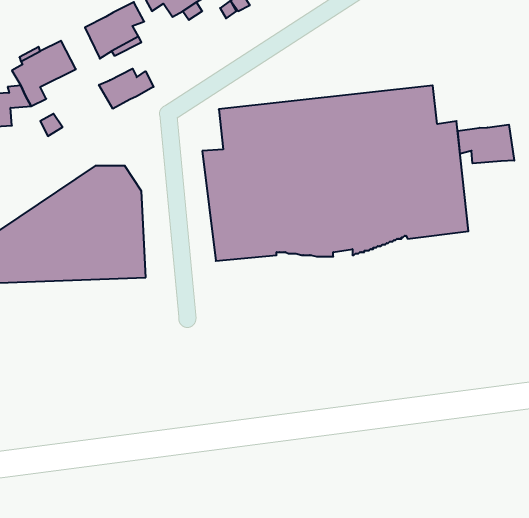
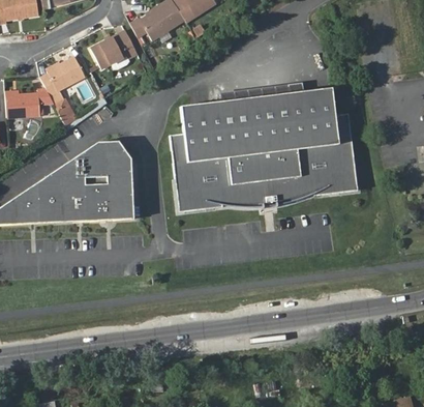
building: [99,69,154,109] -> none
building: [458,125,514,163] -> none

